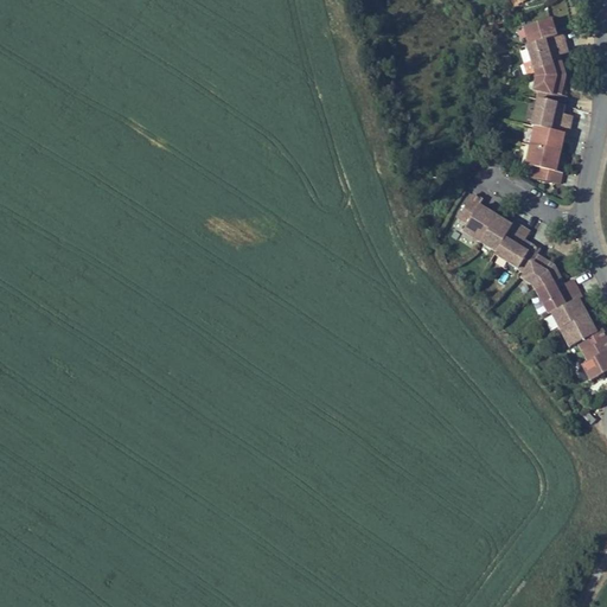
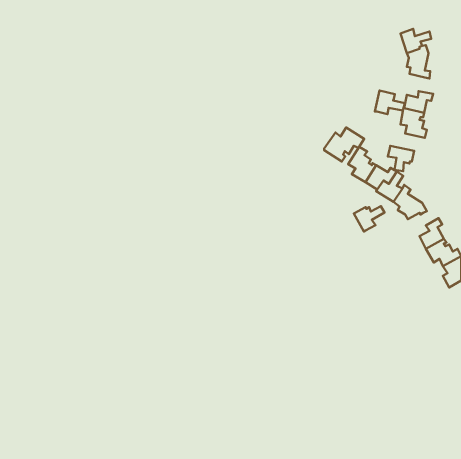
building: [524,18,564,47] -> none
building: [532,97,571,128] -> [375,91,405,114]
building: none -> [324,128,364,161]
building: none -> [388,146,414,171]
building: [536,279,576,312] -> [354,206,384,231]

